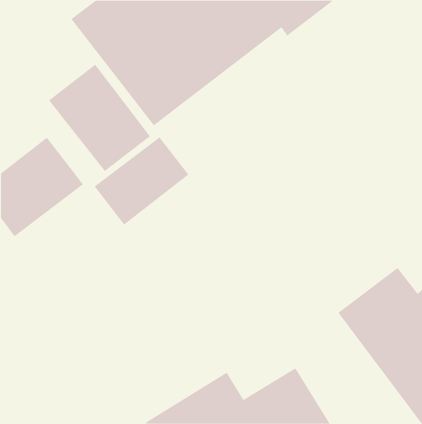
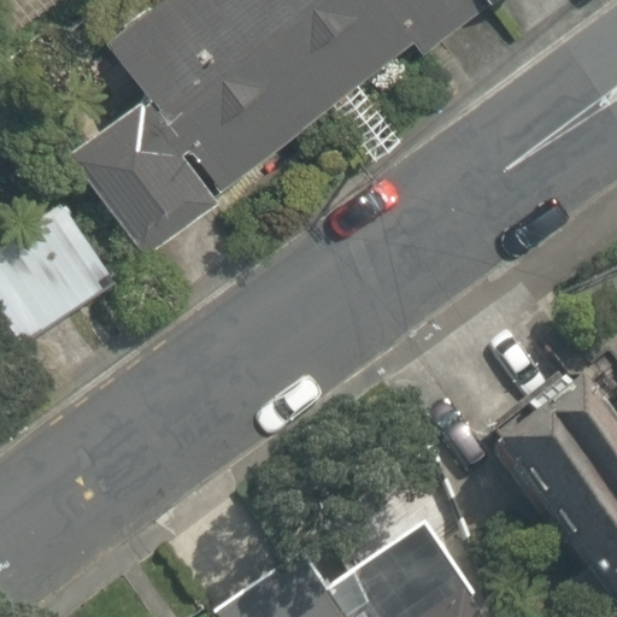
building: [94,137,189,225] -> none

